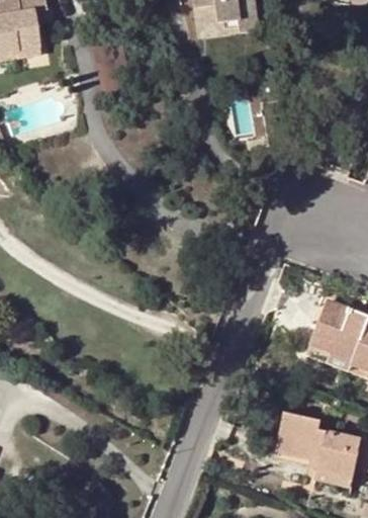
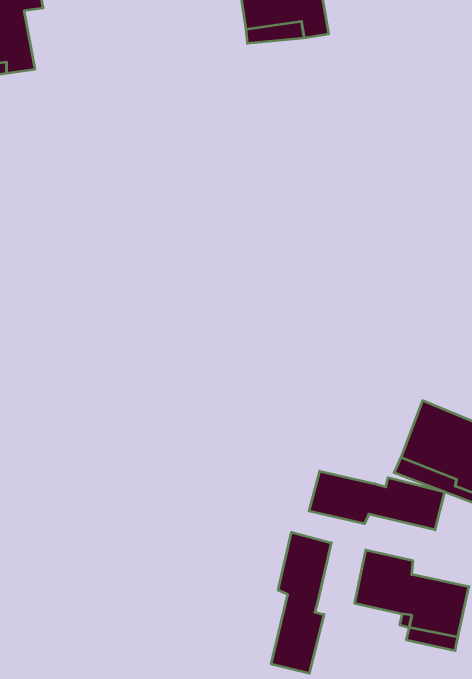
building: none -> [309,471,444,530]
building: none -> [271,532,331,673]

